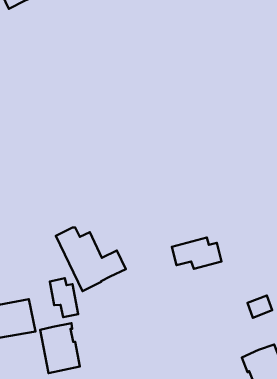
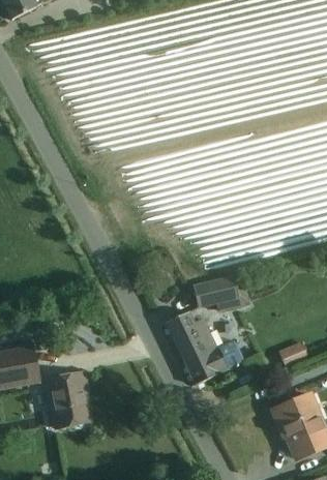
building: [56,228,126,291] -> [166,312,244,384]
building: [50,278,78,317] -> none

